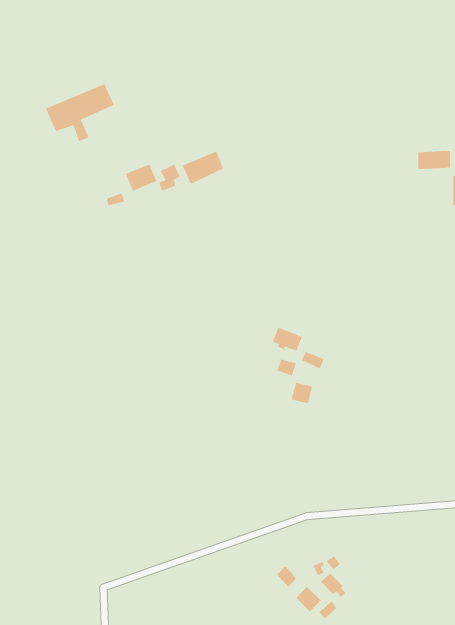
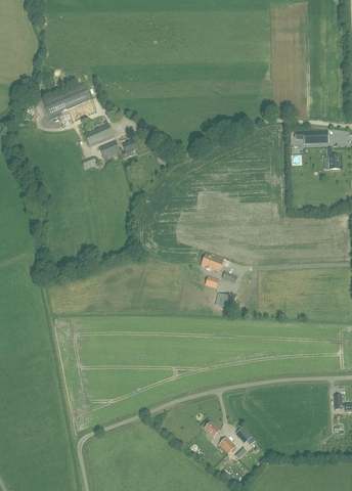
building: [182,151,224,184] -> [84,123,114,146]

